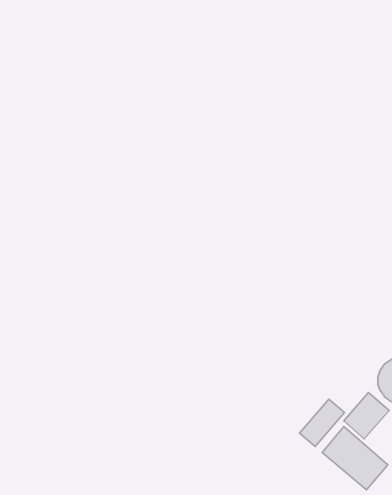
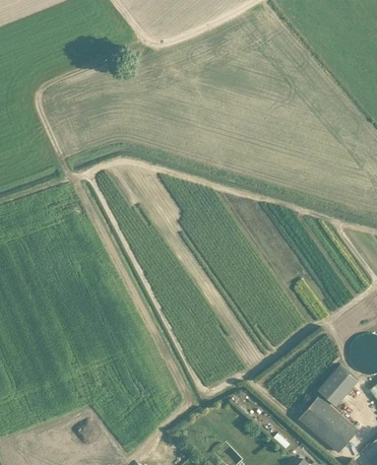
building: [299,399,344,447] -> none

